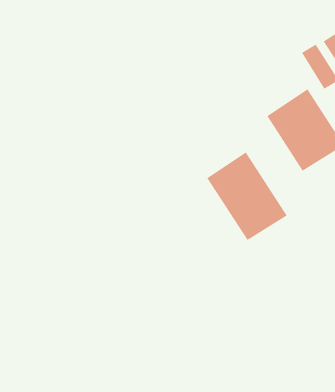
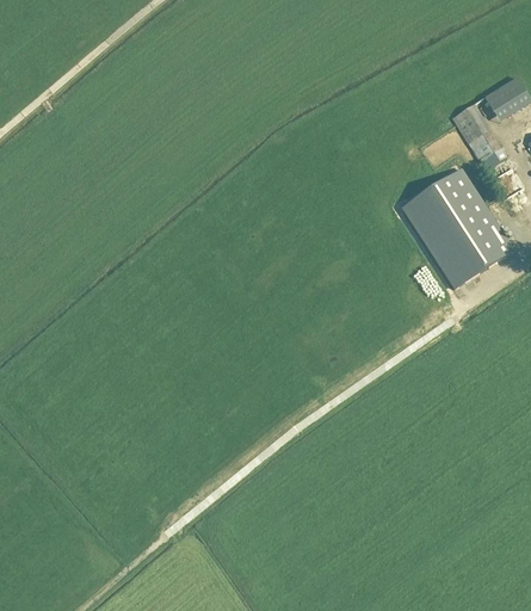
building: [207,152,288,241] -> none

